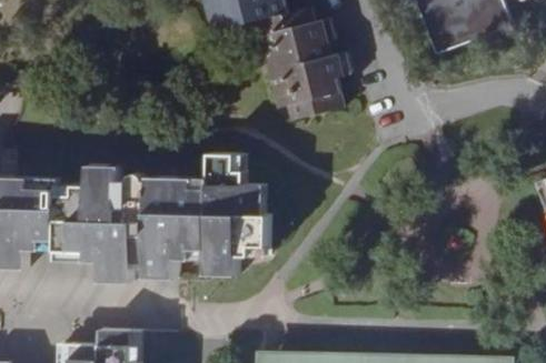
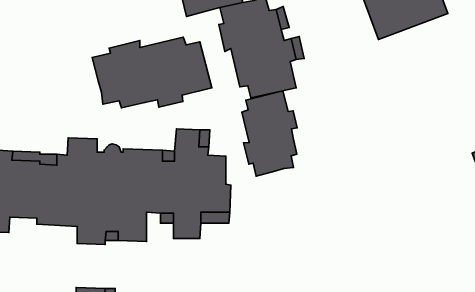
building: none -> [92,37,212,108]
building: none -> [242,91,297,176]

